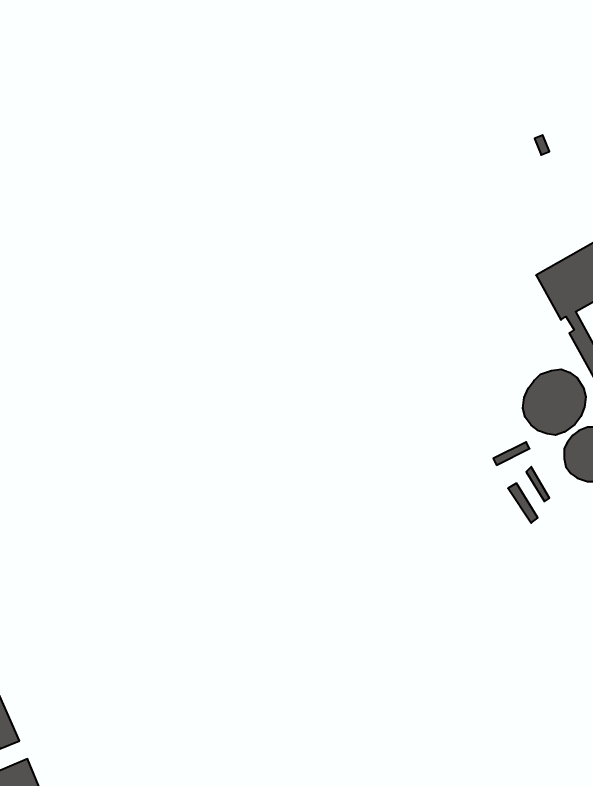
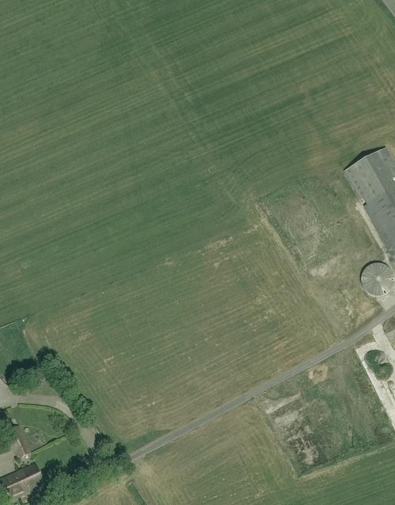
building: [523,369,586,435] -> none

